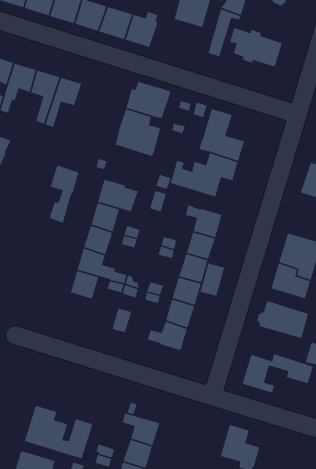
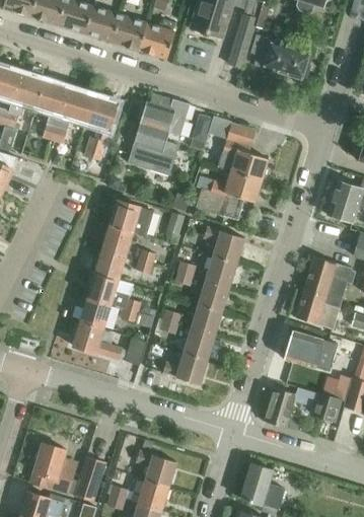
building: [49,165,80,224] -> [84,96,118,160]
building: [199,262,225,297] -> none
building: none -> [72,321,123,359]

